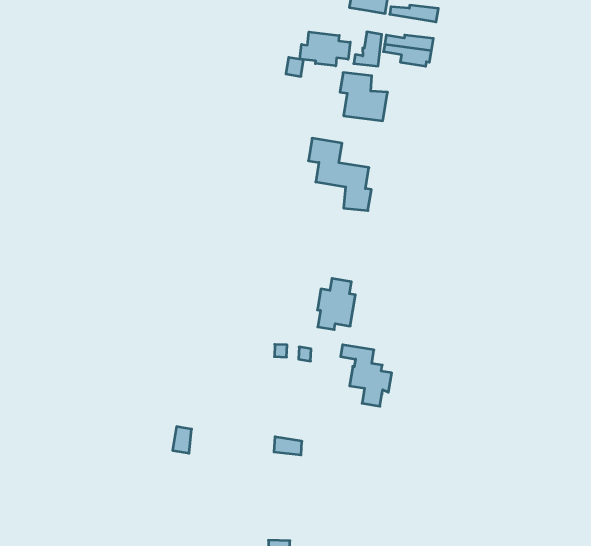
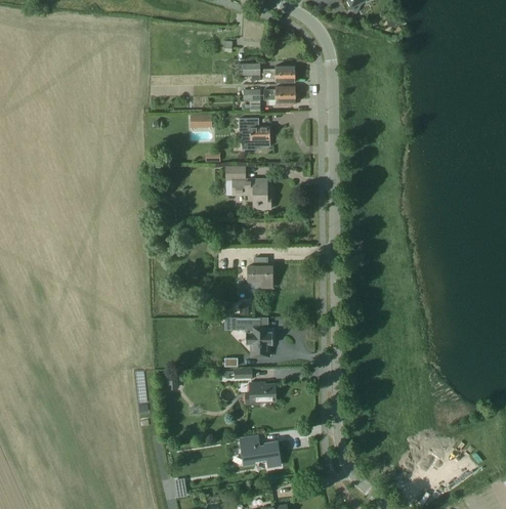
building: [300,32,350,66] -> none
building: [341,345,392,406] -> [237,319,272,355]
building: none -> [244,382,275,406]

